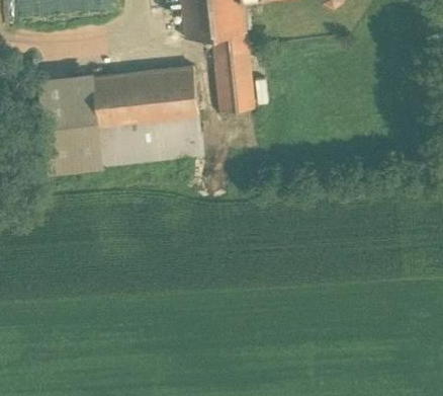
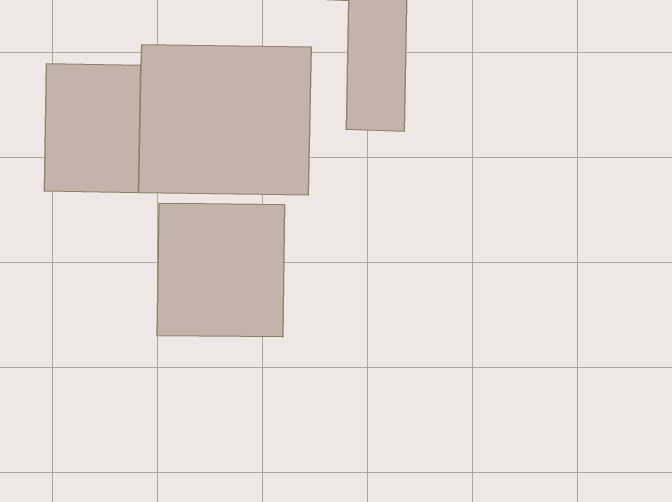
building: none -> [157,203,285,337]

